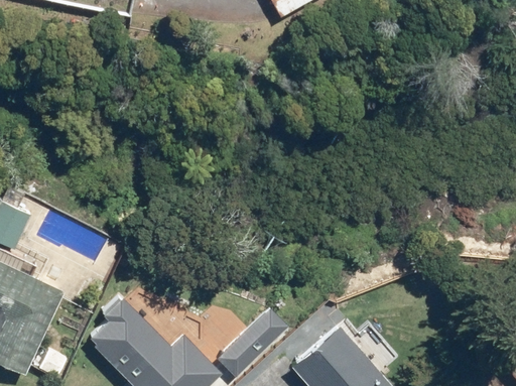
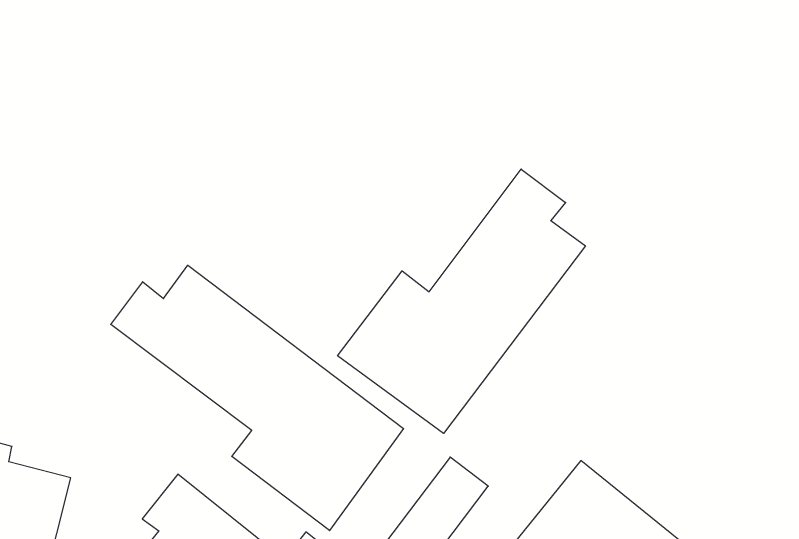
building: none -> [338,169,585,433]
building: none -> [111,265,404,531]

